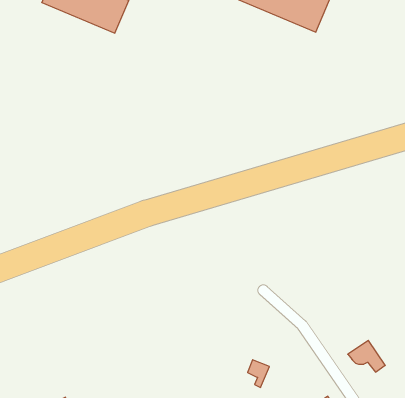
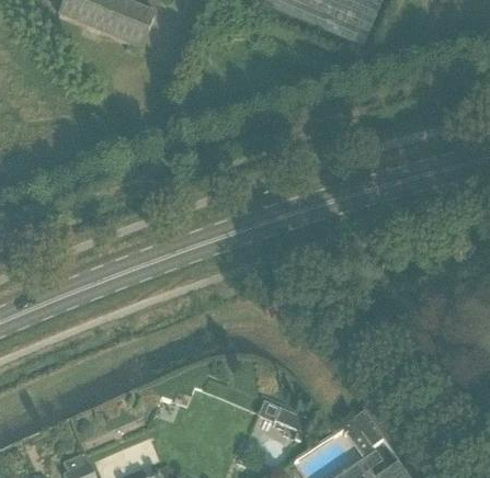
building: [348,340,385,372] -> [341,408,383,443]

